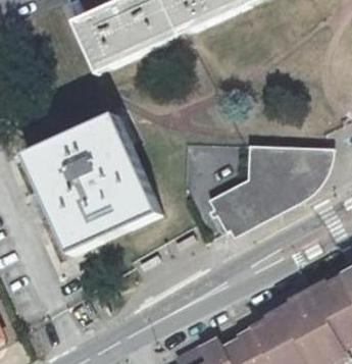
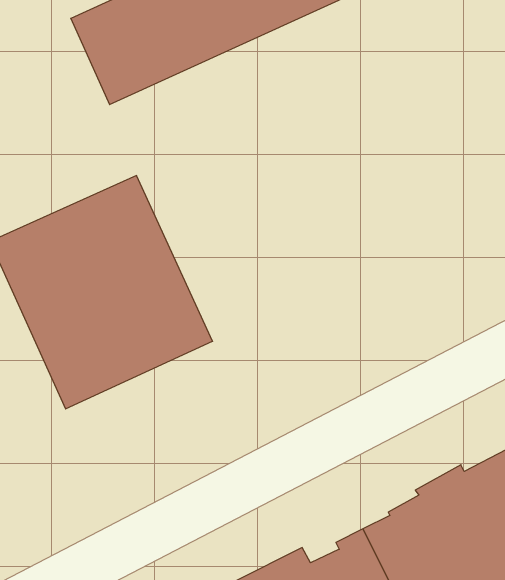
building: [215,145,333,235] -> none

